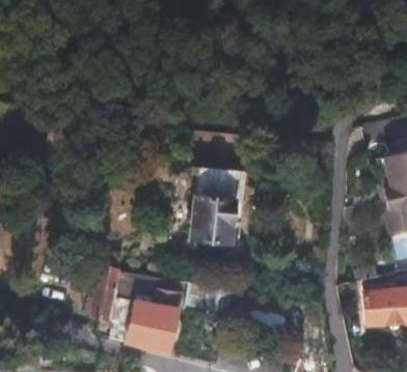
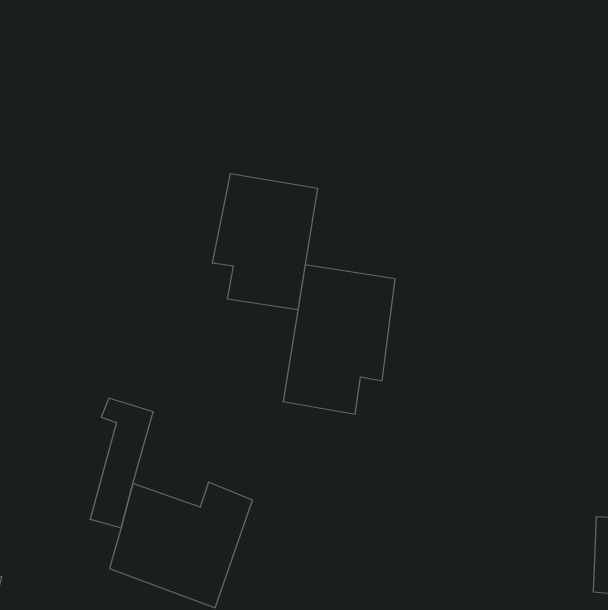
building: none -> [213,174,318,310]

